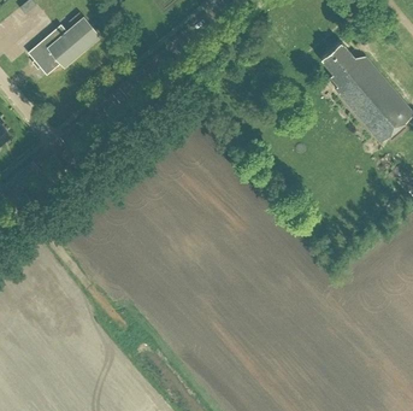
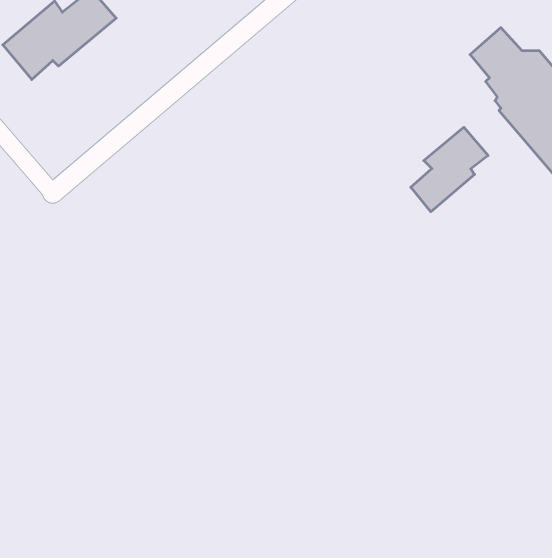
building: none -> [411,127,488,212]

